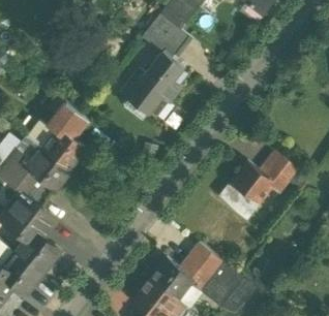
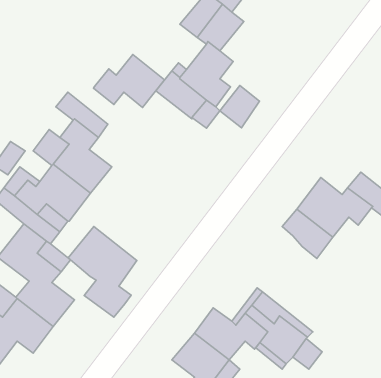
building: none -> [94,54,165,108]
building: none -> [220,85,260,128]
building: none -> [68,227,137,317]

